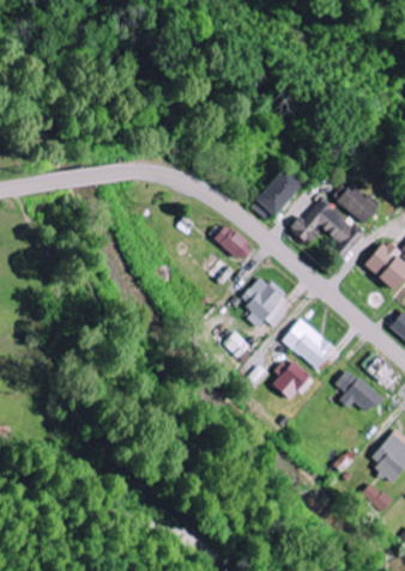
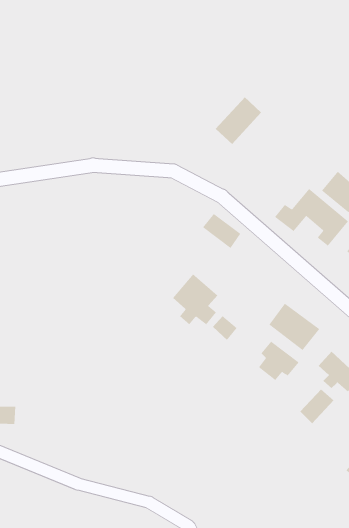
building: [253,166,302,217] -> [215,97,262,145]
building: [240,274,288,328] -> [172,274,218,325]
building: none -> [299,389,334,424]

